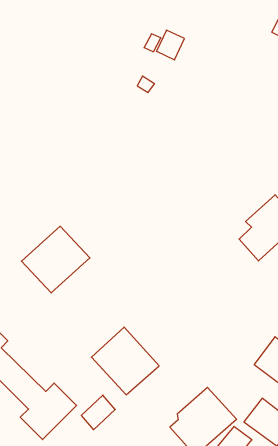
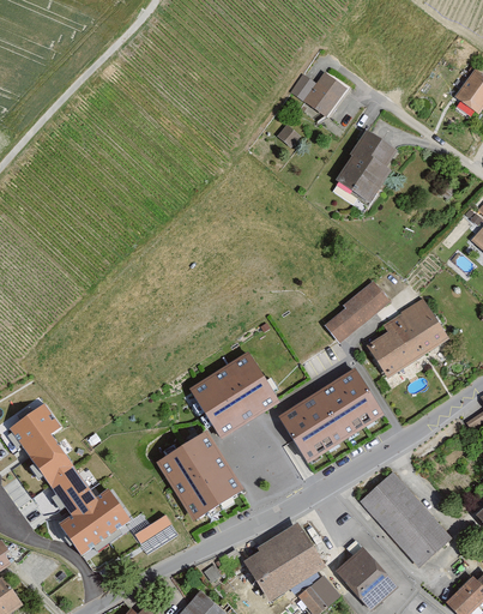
building: none -> [337,130,394,199]
building: none -> [322,281,390,345]
building: [21,226,90,293] -> [193,353,278,433]
building: none -> [282,368,382,457]

